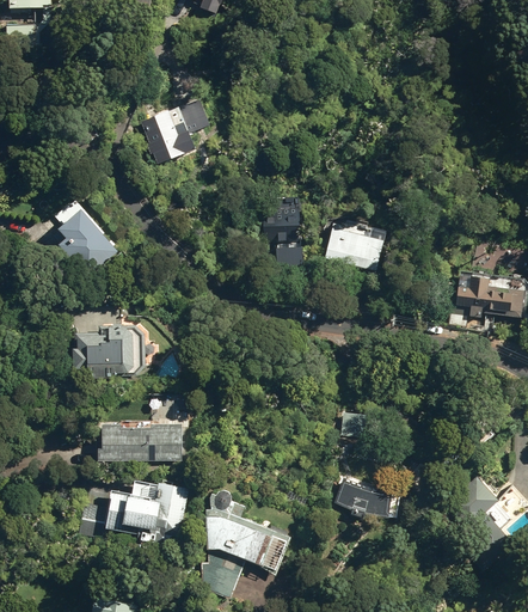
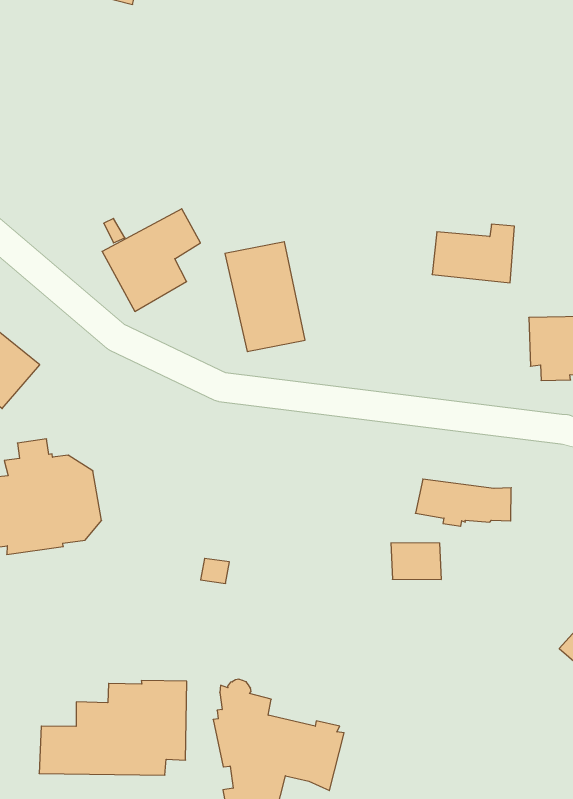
building: [143,100,211,166] -> [102,209,200,311]
building: [323,226,383,268] -> [432,224,514,283]
building: [94,421,182,461] -> none
building: [331,479,399,516] -> [415,479,511,526]

